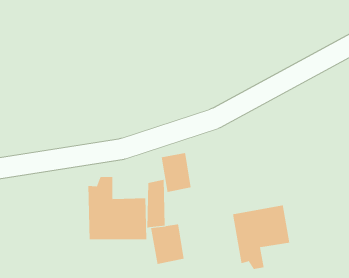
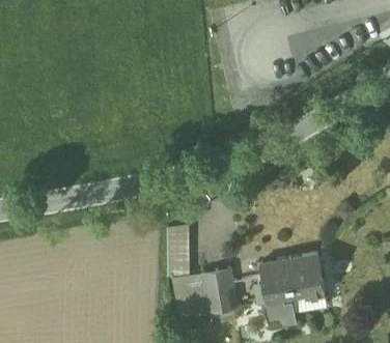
building: [161,152,191,192] -> [203,268,236,312]
building: [88,176,147,240] -> none

